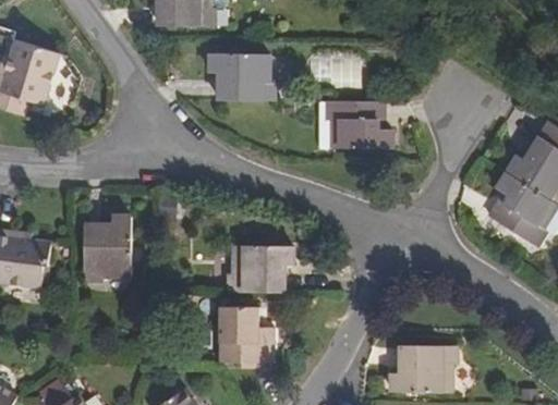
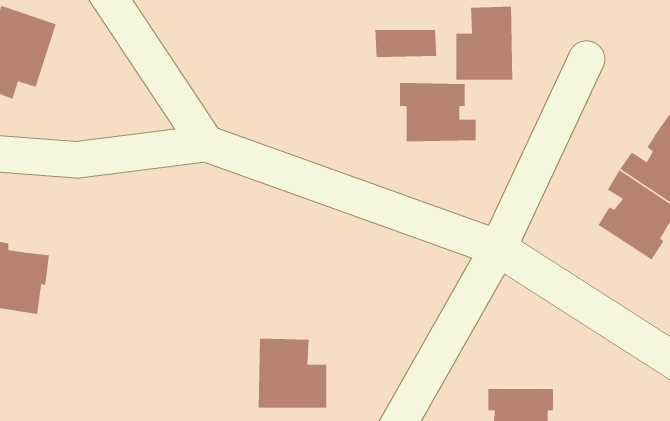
building: none -> [455,6,513,81]
building: [213,53,275,101] -> none
building: [85,206,132,270] -> none
building: [233,246,294,294] -> none

